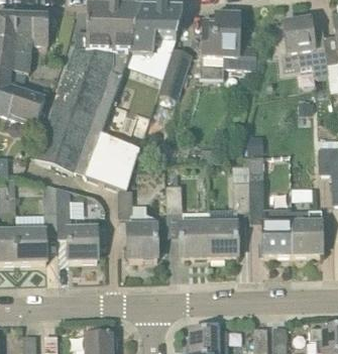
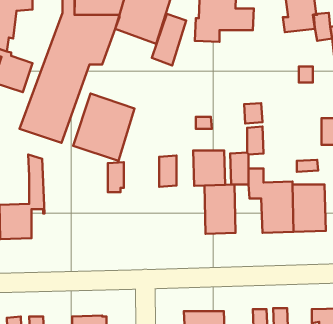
building: [55,186,106,260] -> none
building: [126,217,166,258] -> none
building: [179,224,209,257] -> [193,150,225,186]

